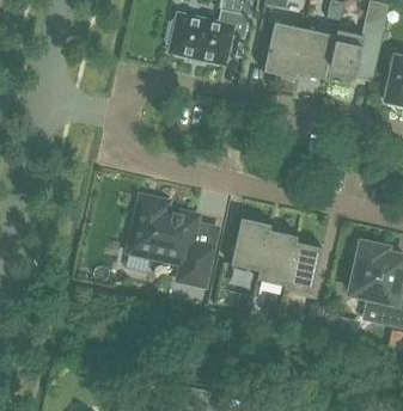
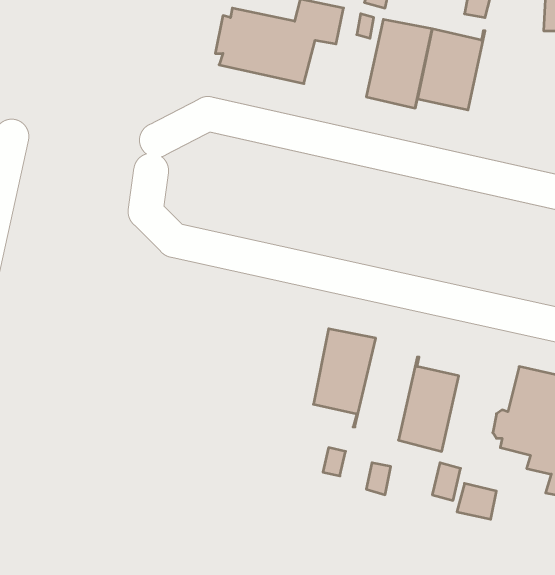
building: [328,30,365,80] -> none
building: [129,196,213,286] -> none
building: [256,225,295,289] -> none

